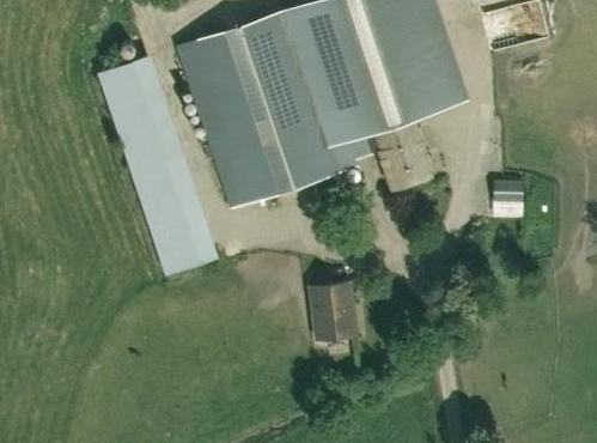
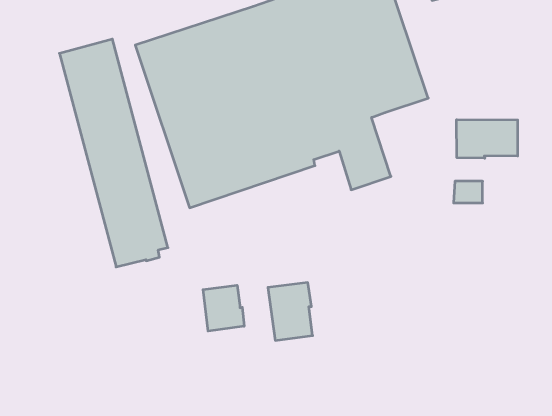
building: none -> [457,120,518,158]
building: none -> [203,285,244,331]

